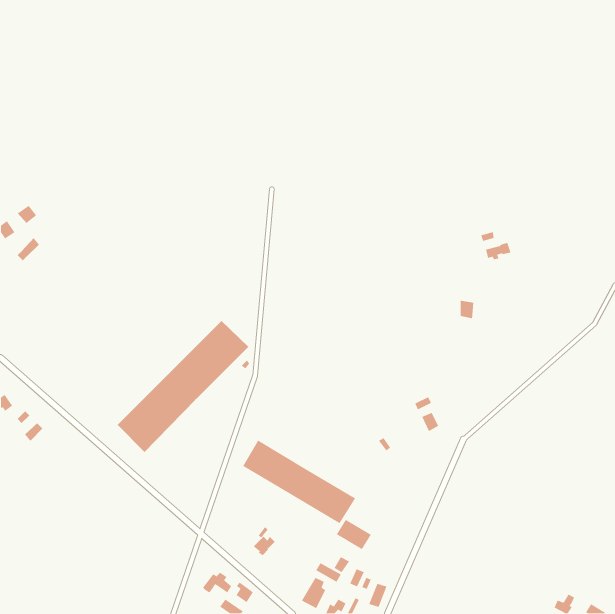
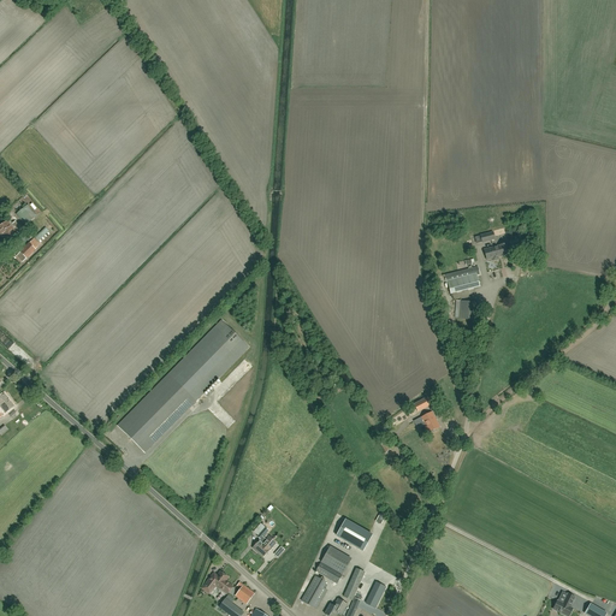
building: none -> [444,266,480,294]
building: [242,439,356,524] -> none

